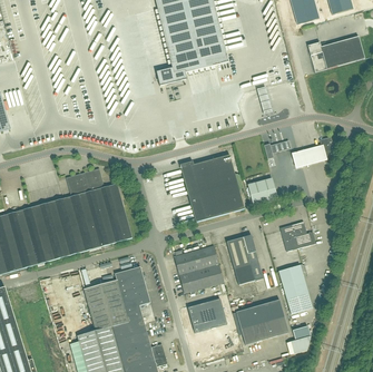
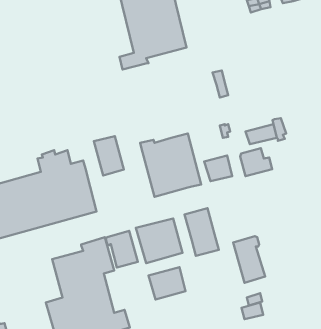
building: [306,36,363,71] -> none
building: none -> [94,136,124,175]
building: [279,221,314,251] -> [240,148,272,176]
building: none -> [106,231,138,268]
building: [232,298,287,344] -> none

